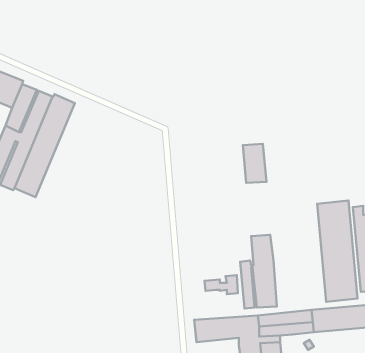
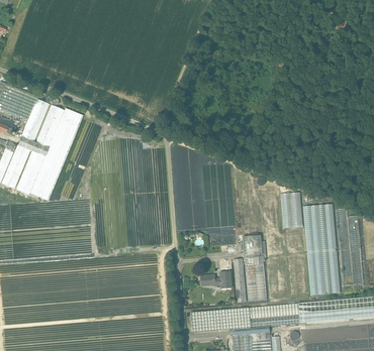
building: [243,144,266,183] -> [280,193,301,228]

